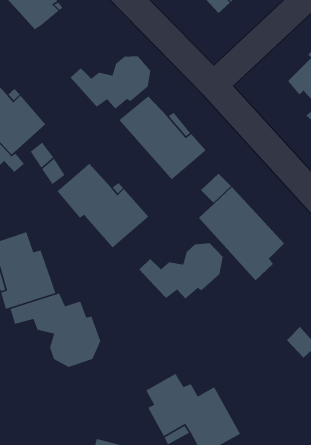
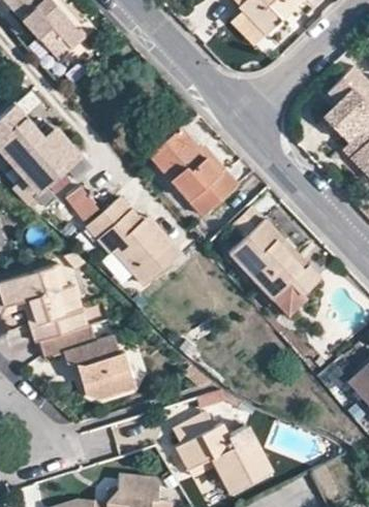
building: [70,56,151,109] -> none
building: [138,242,223,300] -> none

